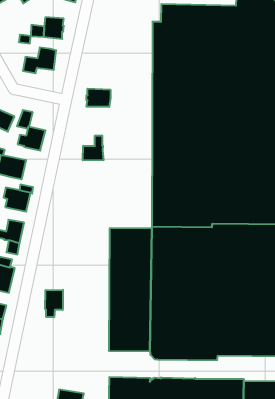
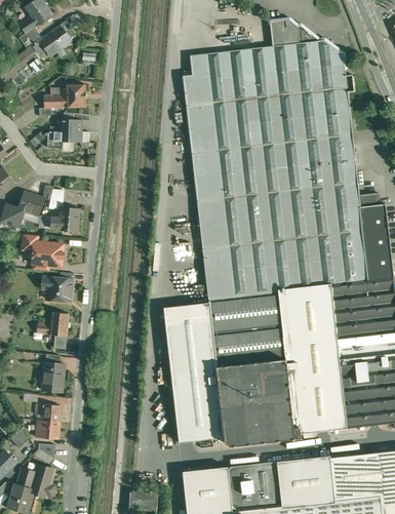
building: [86,89,110,107] -> none
building: [83,135,103,160] -> none
building: [45,290,63,317] -> none

